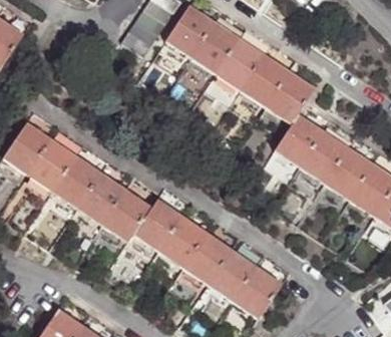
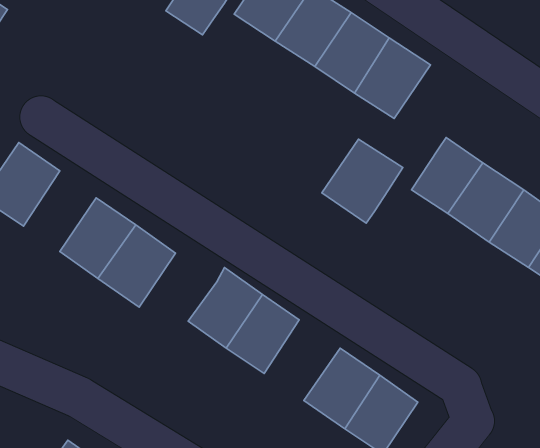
building: [266,71,317,124] -> [322,139,403,223]
building: [31,138,77,190] -> none
building: [104,191,153,243] -> none
building: [183,233,232,284] -> none

